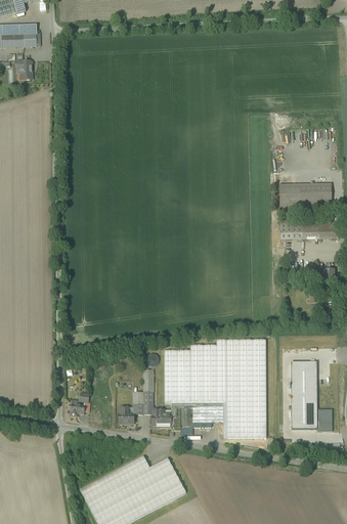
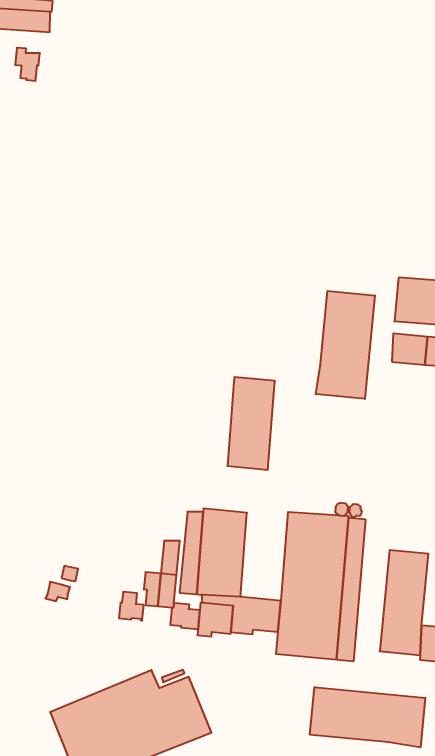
building: none -> [316,291,375,399]
building: [196,343,223,401] -> [227,377,275,470]
building: none -> [310,687,425,747]

